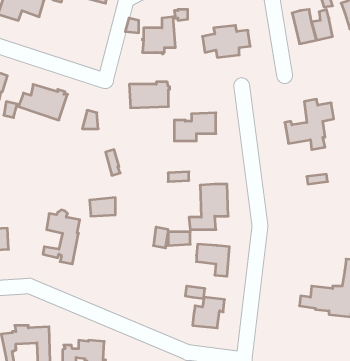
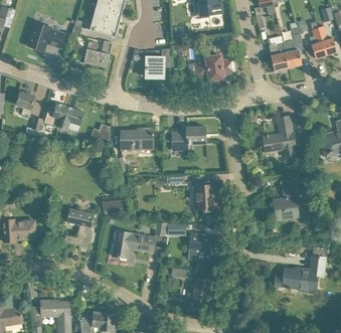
building: none -> [83,39,112,66]
building: [129,82,170,108] -> [120,128,153,149]
building: none -> [273,184,298,219]
building: none -> [112,230,154,258]

